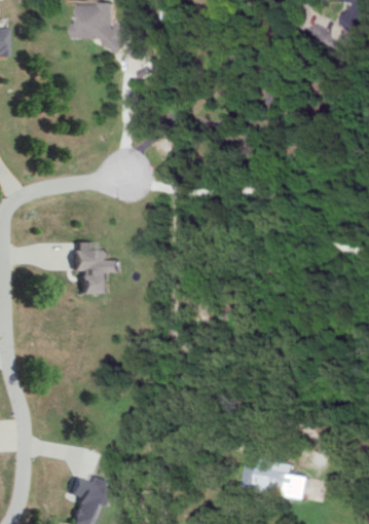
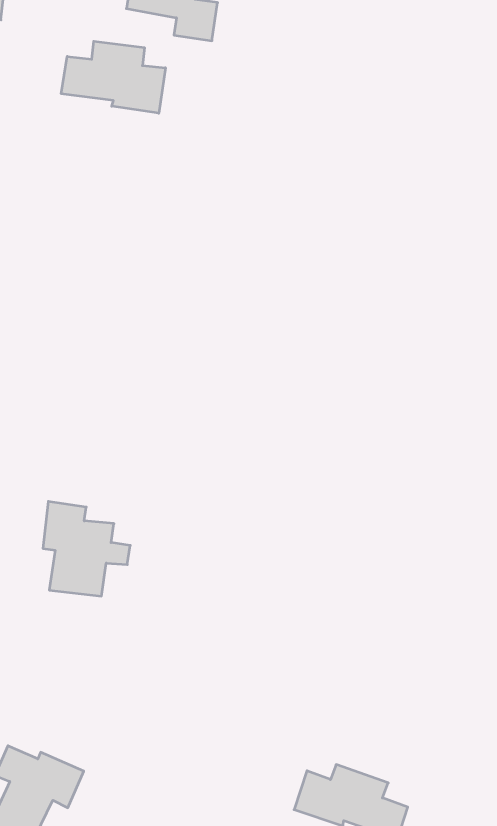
building: none -> [61,41,165,113]
building: [71,242,122,294] -> [43,501,130,596]

